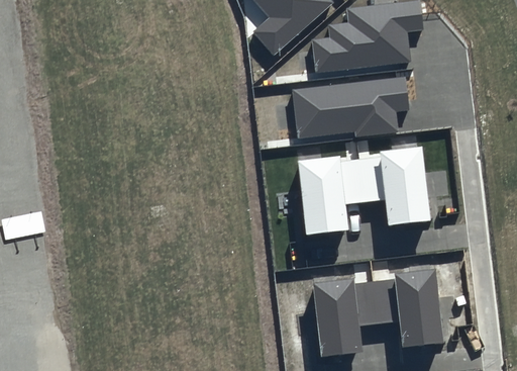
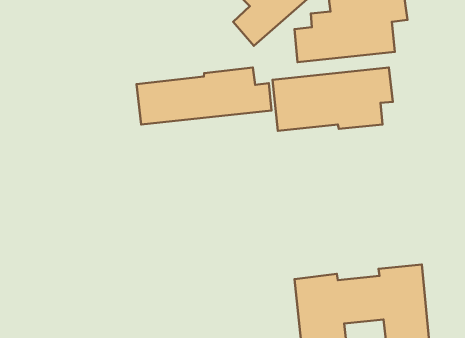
building: none -> [137,68,271,125]
building: [297,146,429,235] -> none

